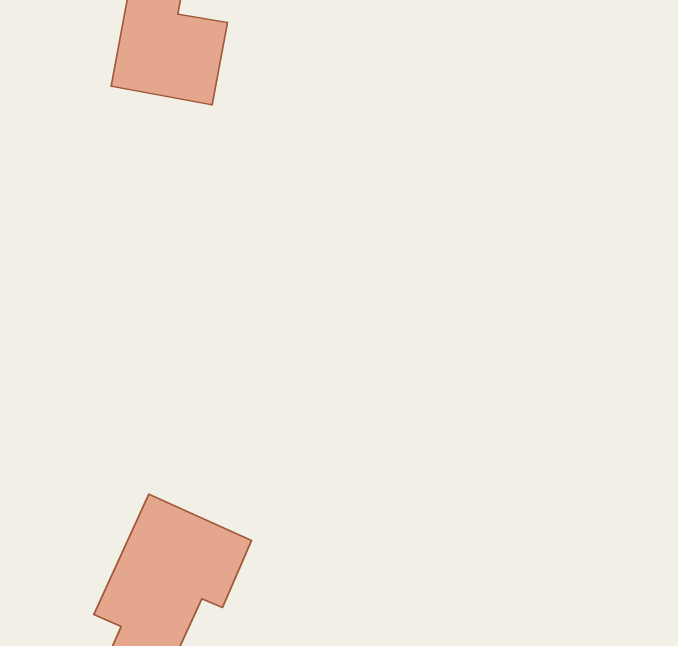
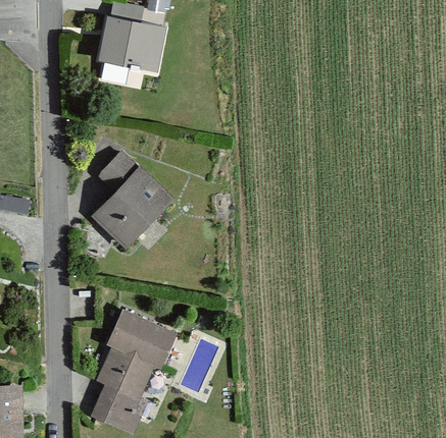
building: none -> [89,148,175,251]

